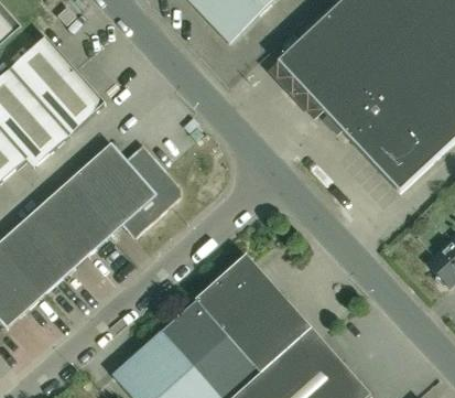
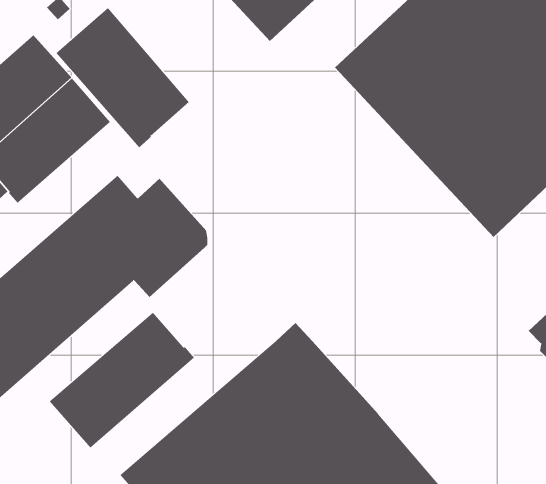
building: none -> [56,7,190,148]
building: none -> [49,312,195,449]

